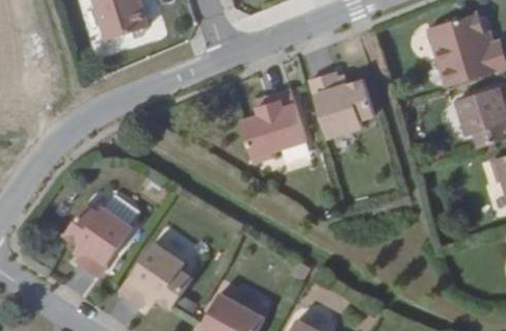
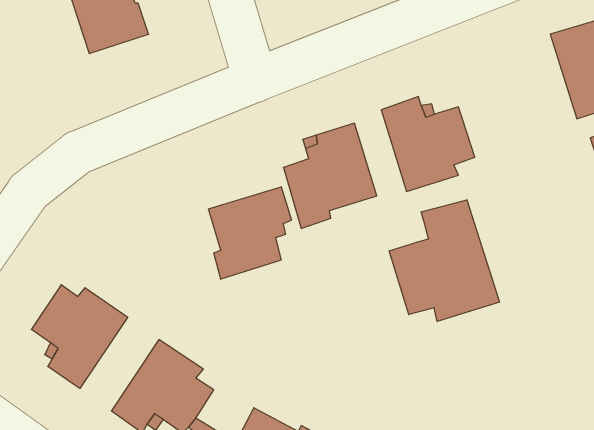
building: none -> [209,187,291,279]
building: none -> [389,200,500,322]

